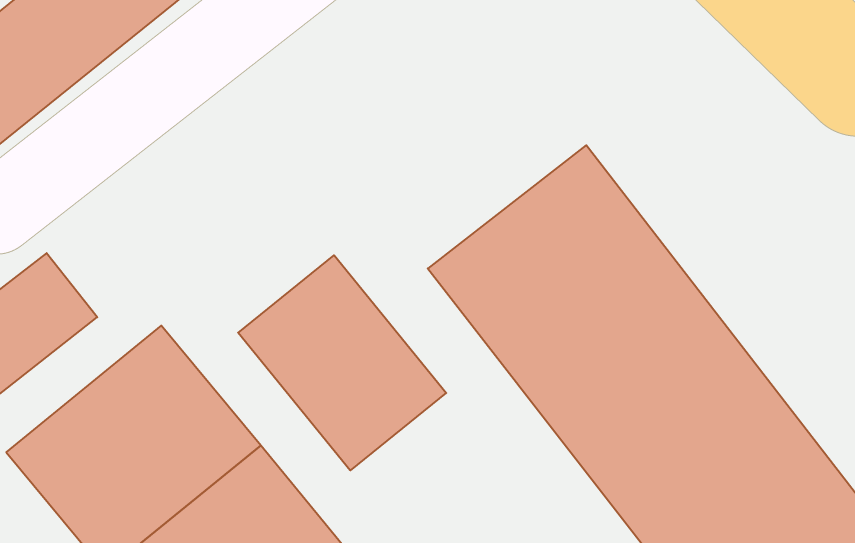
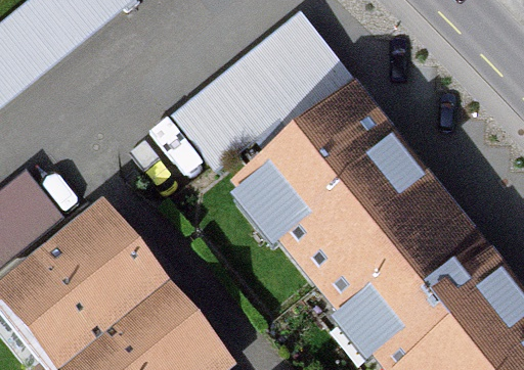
building: none -> [179,20,342,161]
building: [238,255,446,470] -> none

